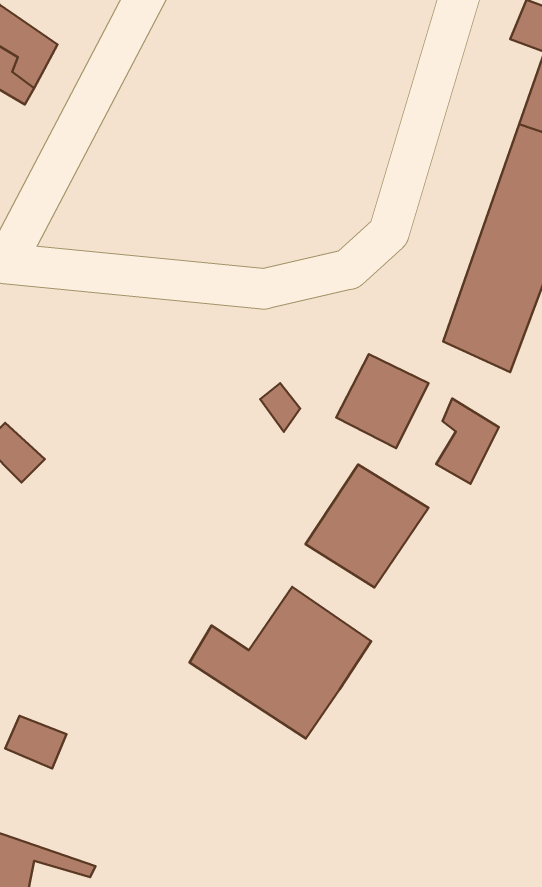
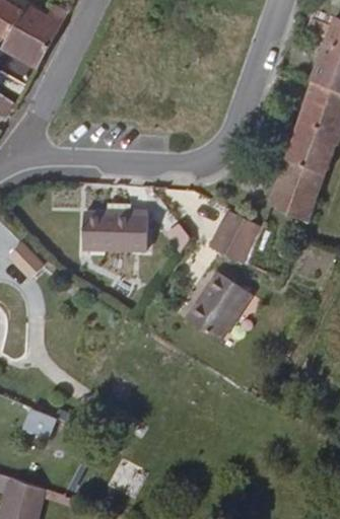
building: none -> [83,210,148,253]
building: [436,399,499,484] -> none
building: [189,587,371,739] -> none

